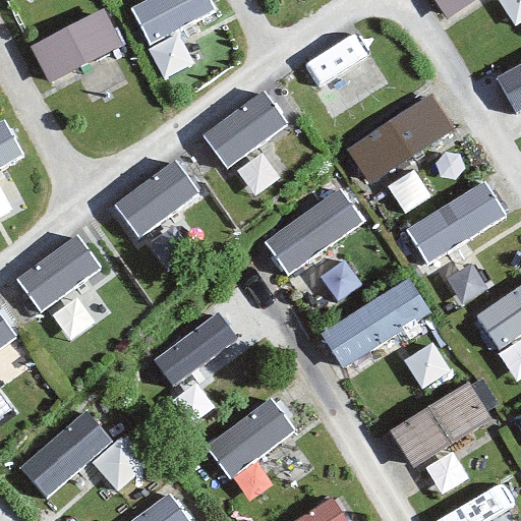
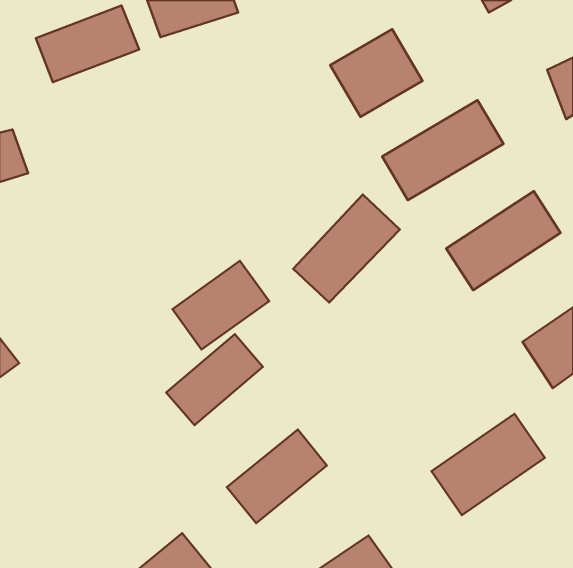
building: [199,88,288,169] -> none
building: [112,157,199,237] -> [172,261,269,350]
building: [14,231,102,313] -> none
building: [321,283,431,365] -> none
building: [18,404,144,501] -> none

